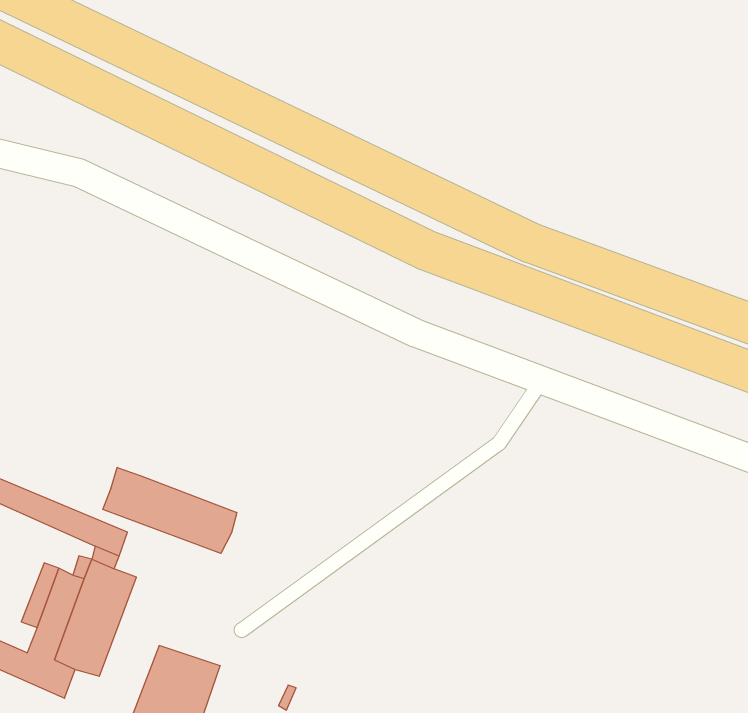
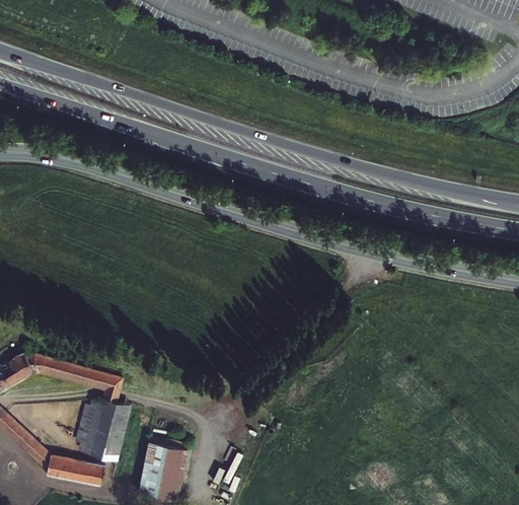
building: [103,467,237,553] -> none

